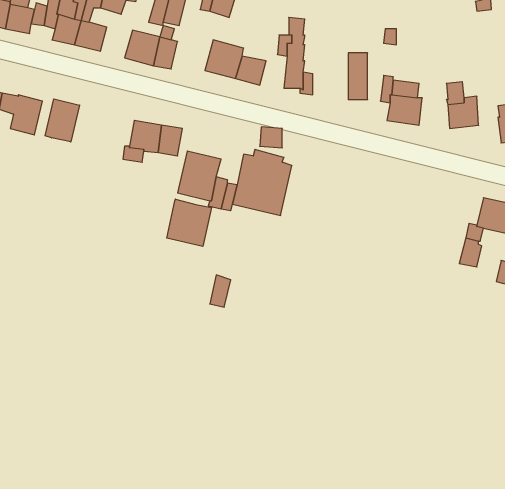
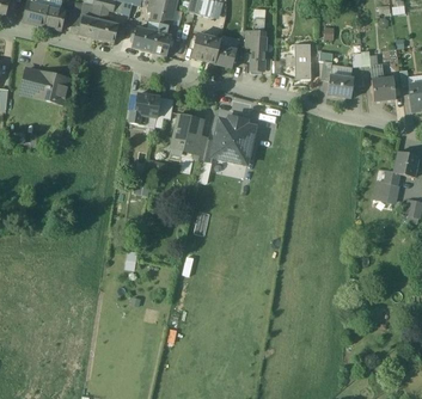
building: [45,99,80,142] -> none
building: [167,199,212,246] -> none

